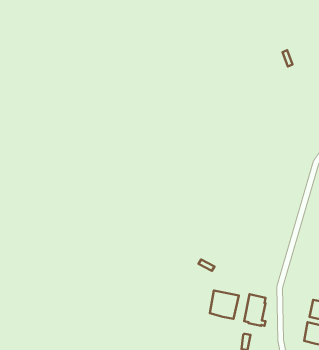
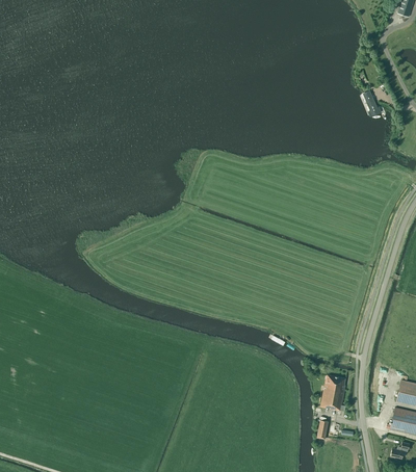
building: [210,291,239,319] -> none

